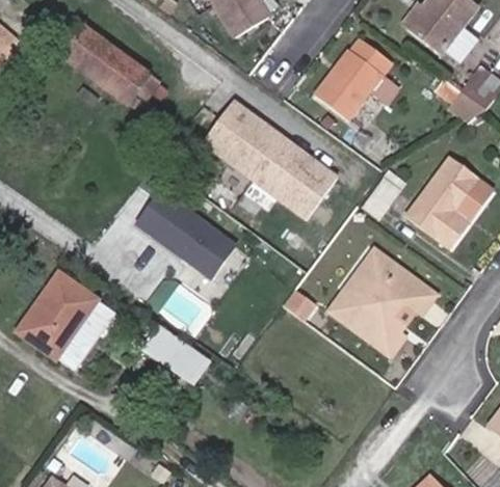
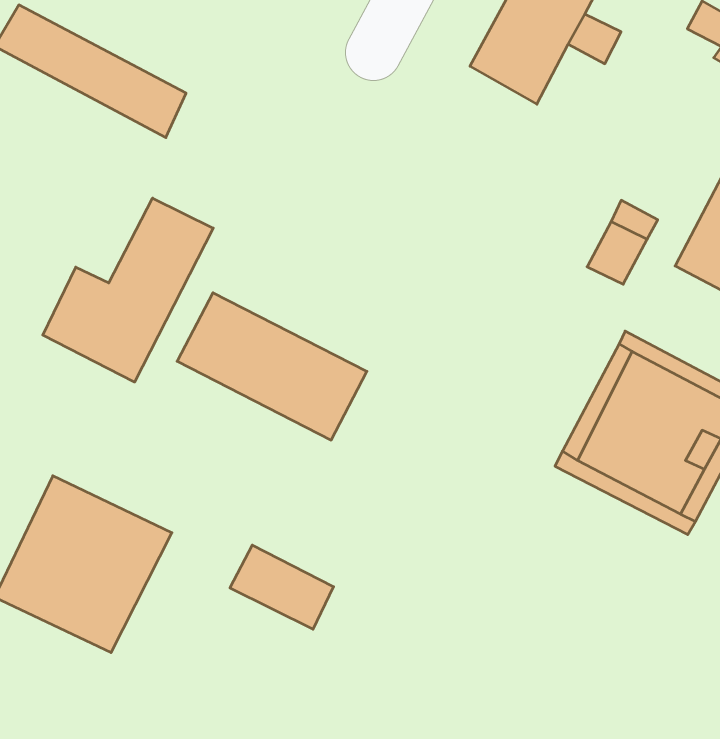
building: [201,99,336,217] -> none
building: none -> [43,198,213,382]

